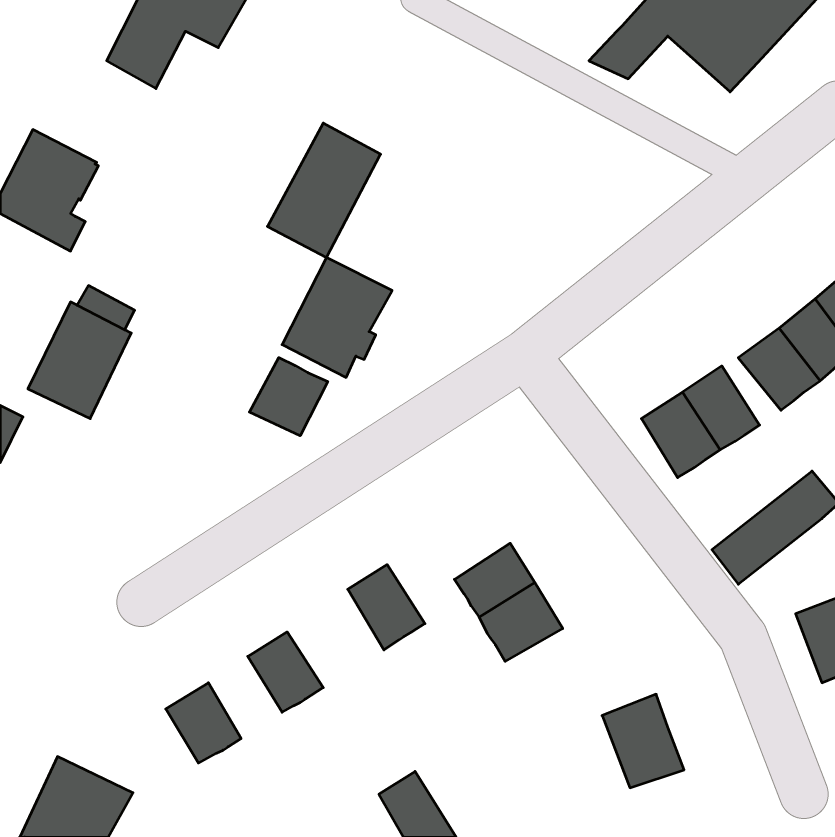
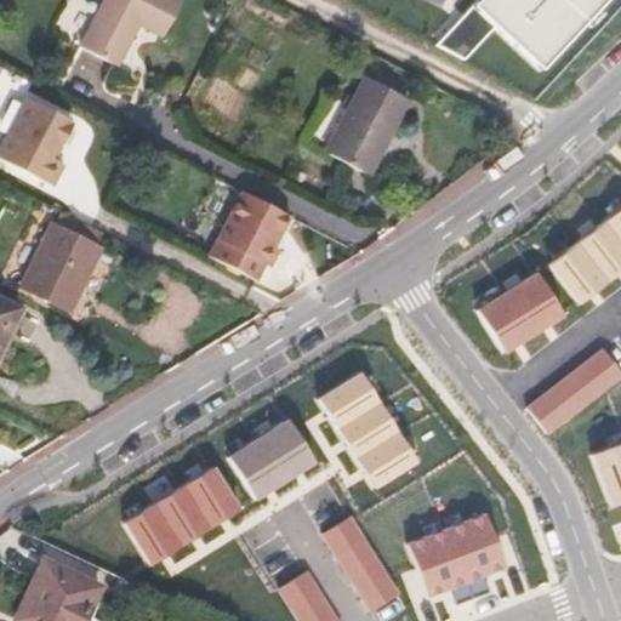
building: [267,123,381,258] -> [326,75,410,175]
building: [249,358,328,436] -> none
building: none -> [319,371,380,428]
building: none -> [228,435,286,500]
building: none -> [156,485,211,546]
building: none -> [323,517,400,611]
building: none -> [409,529,468,596]

